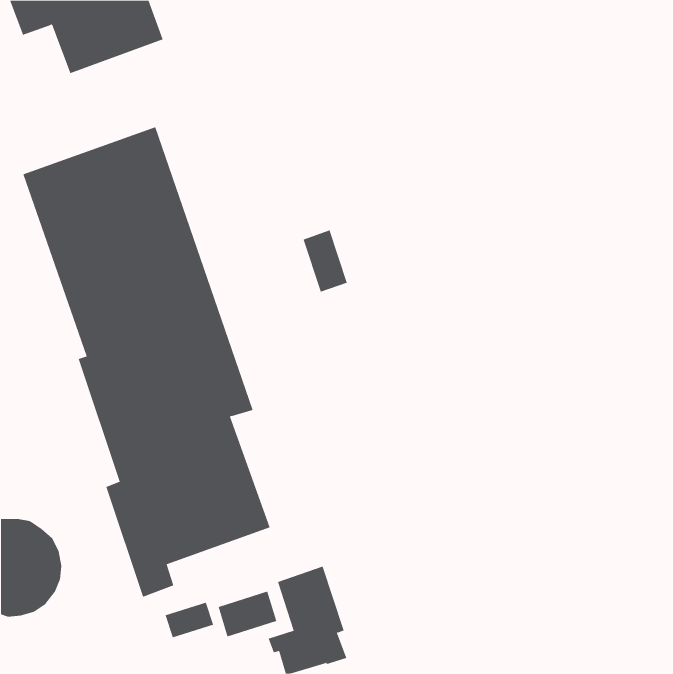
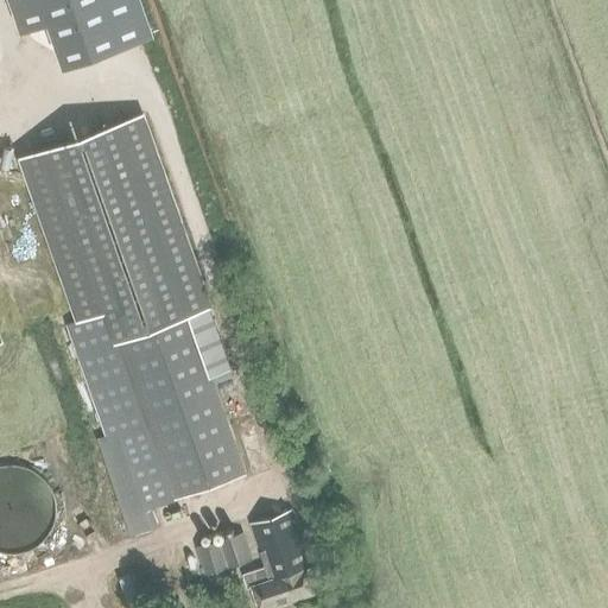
building: [303,230,348,293] -> none
building: [165,602,214,638] -> none

